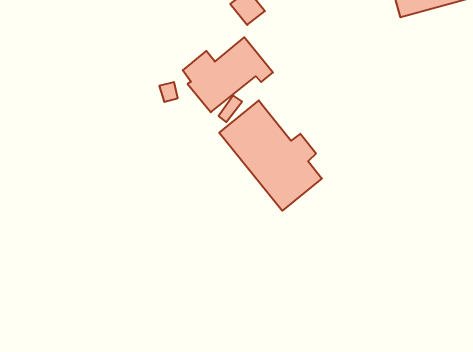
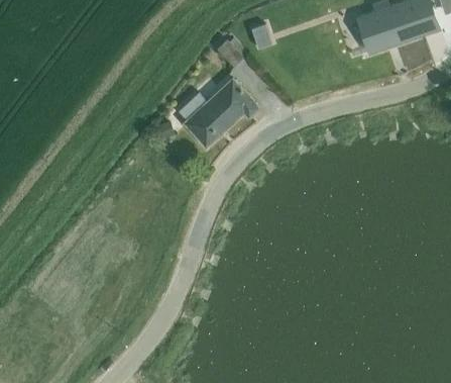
building: [219,100,322,211] -> none

